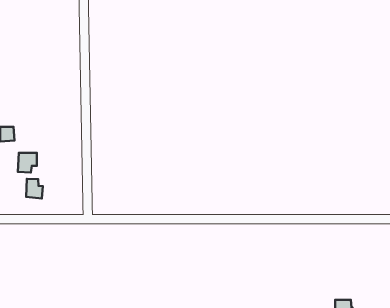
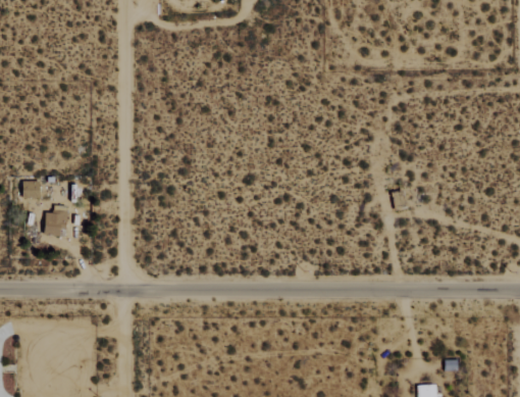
building: [26,179,43,198] -> none

